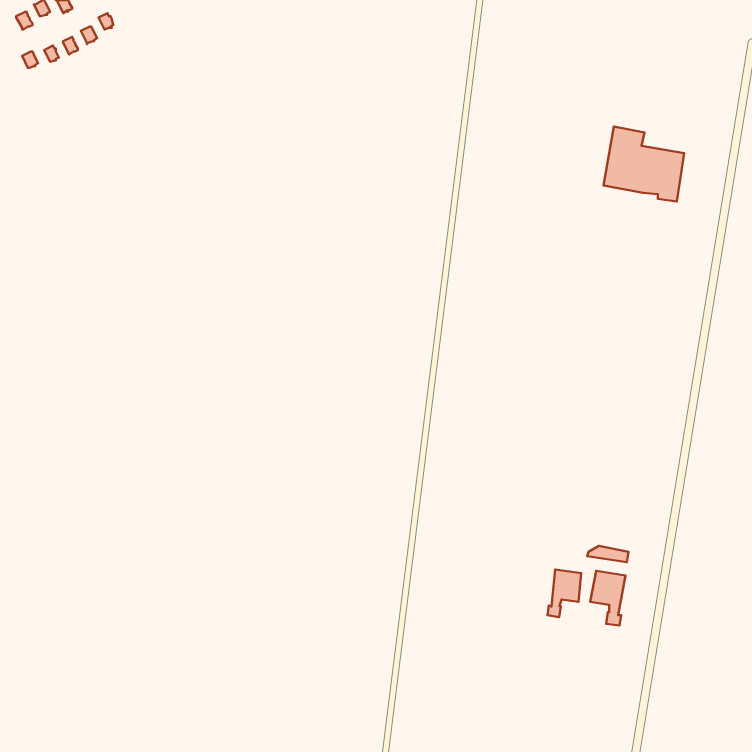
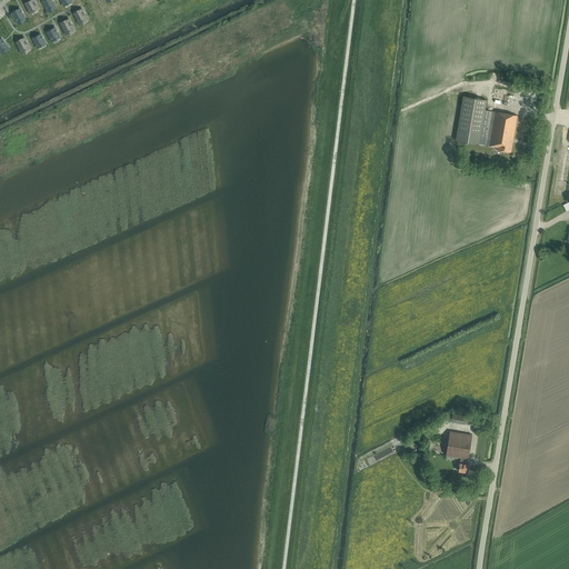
building: [548,570,581,617] -> none

